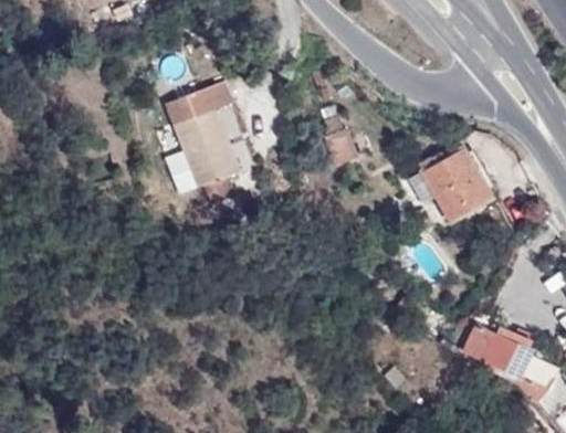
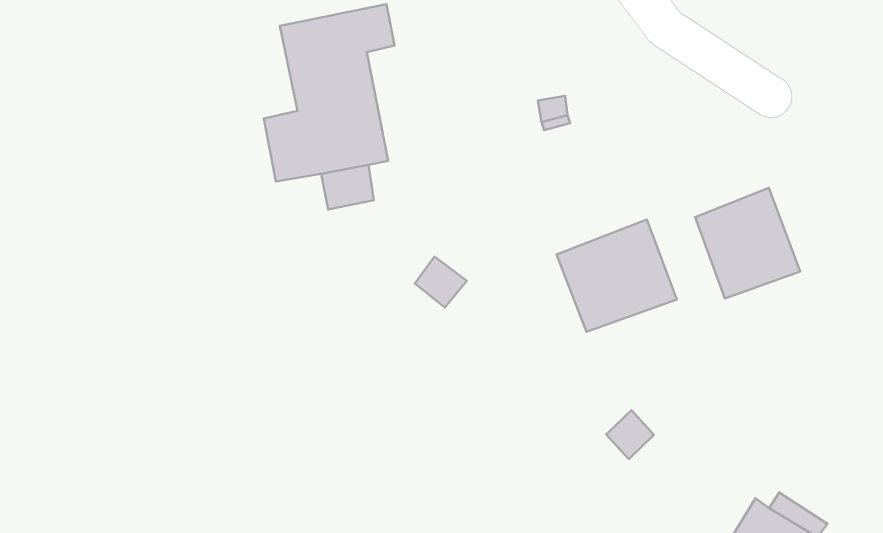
building: none -> [556,220,677,332]

